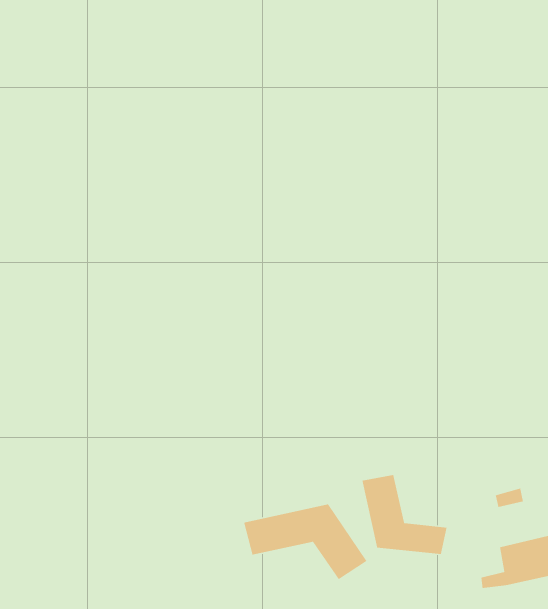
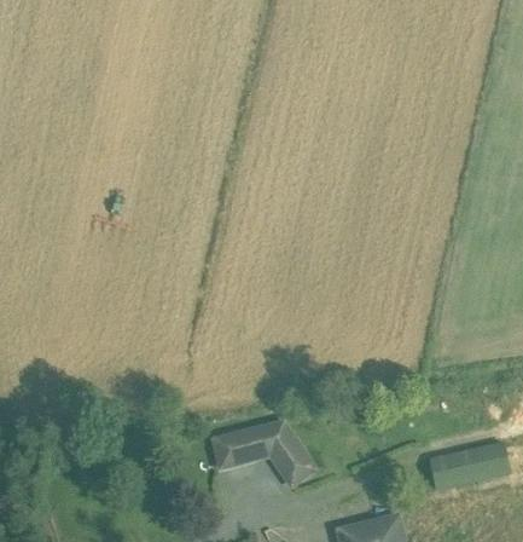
building: [361,474,447,555] -> none

